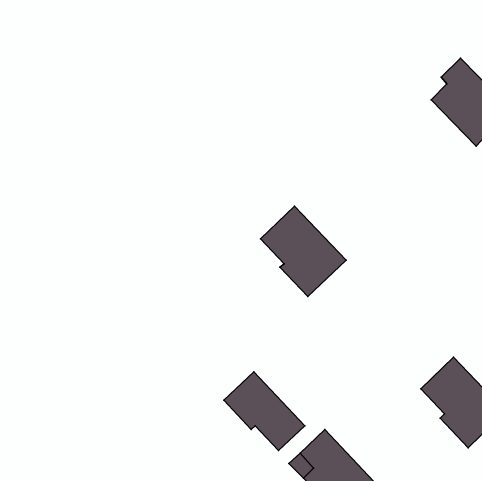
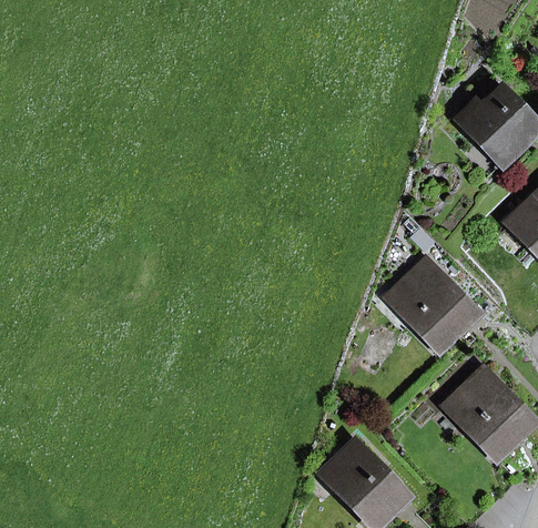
building: [260,206,346,296] -> [392,263,476,352]
building: [224,372,305,451] -> none

